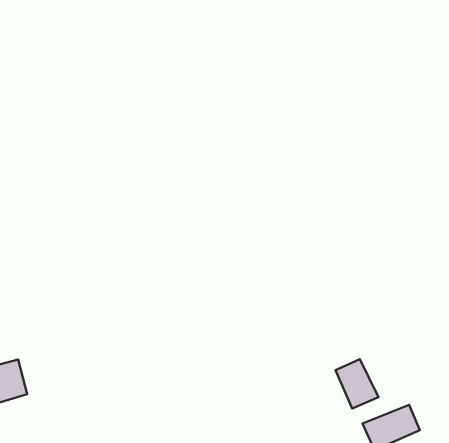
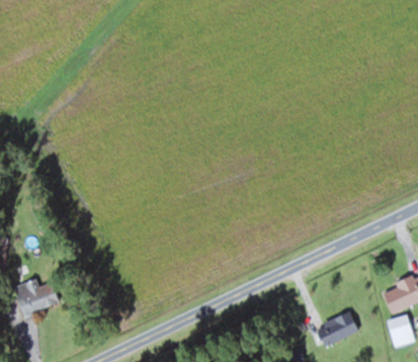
building: [335,359,378,408] -> none

